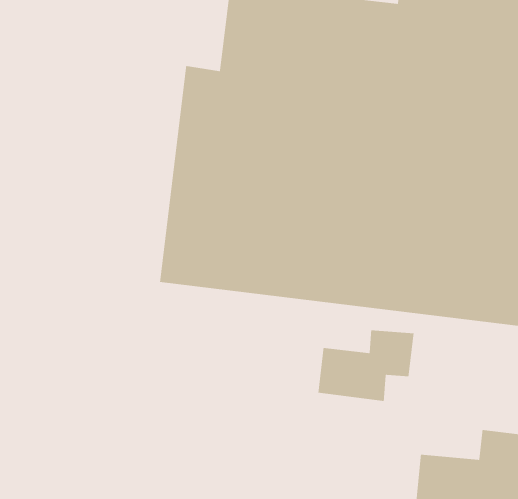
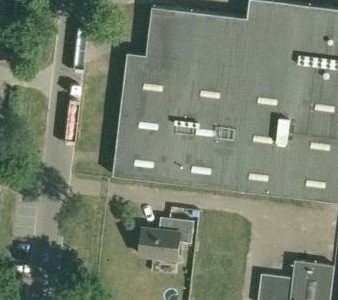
building: [318,329,415,402] -> [138,220,193,261]

